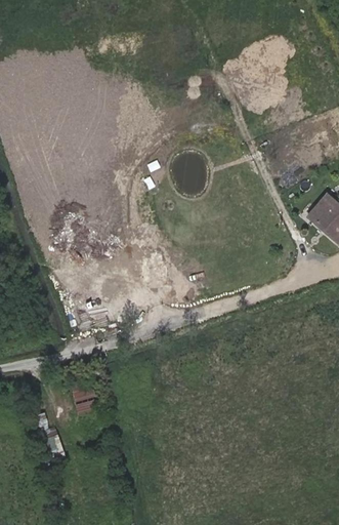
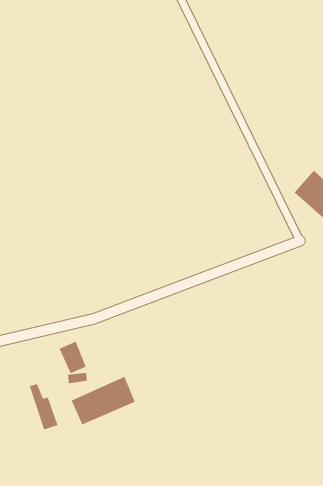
building: none -> [71,376,136,426]

